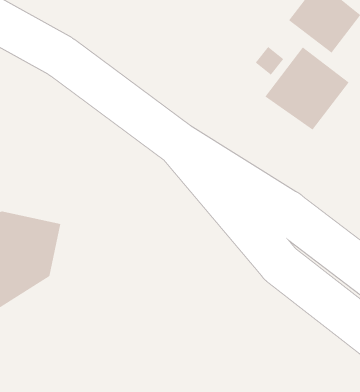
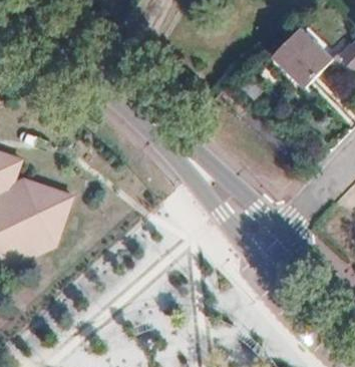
building: [265,46,350,131] -> none

